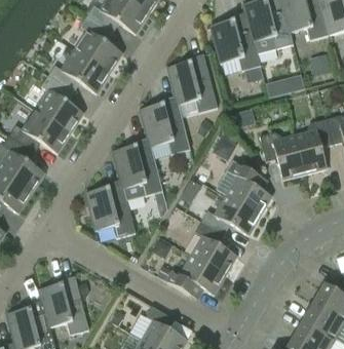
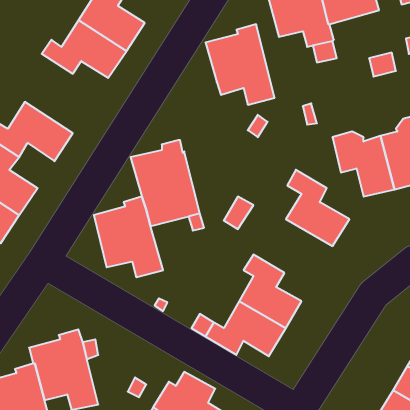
building: [35,75,83,132] -> none
building: [140,95,190,154] -> none
building: [201,195,259,235] -> none

